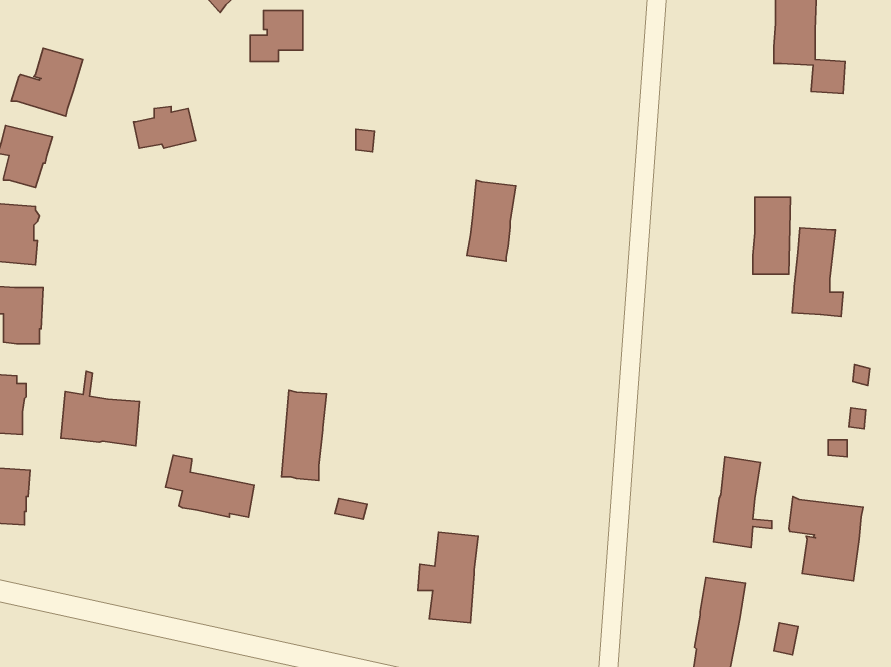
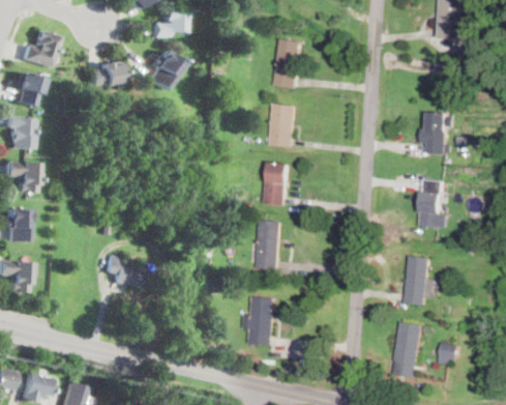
building: none -> [274,38,301,88]
building: none -> [145,50,179,91]
building: [792,228,843,316] -> [420,179,448,228]
building: none -> [264,162,289,204]
building: [61,371,140,446] -> none
building: [281,390,327,481] -> [257,220,281,269]
building: [789,496,863,581] -> none

